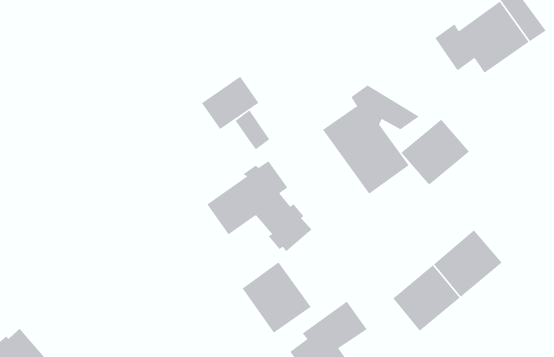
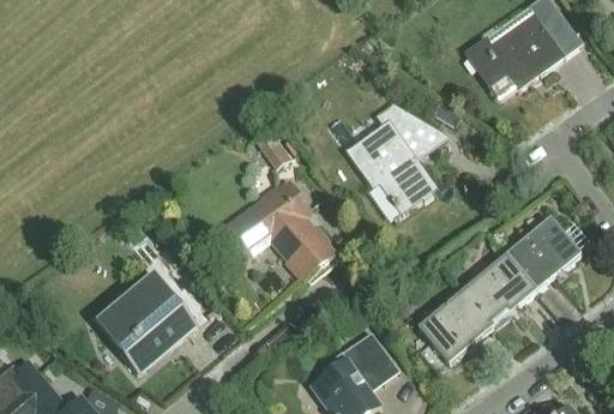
building: [201,76,259,130] -> none
building: [401,119,470,186] -> [507,220,580,290]
building: none -> [92,274,195,371]
building: [242,262,311,334] -> none

